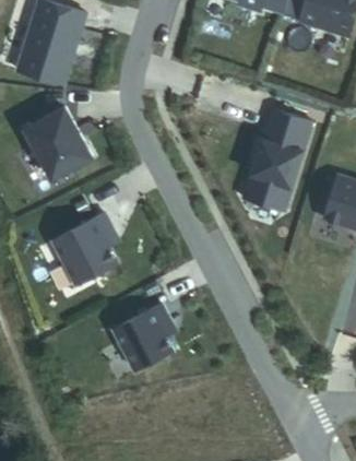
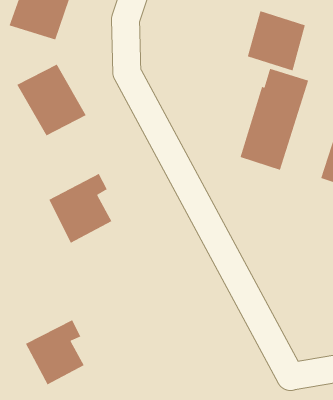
building: none -> [247,10,306,71]
building: [115,305,174,370] -> [25,319,85,385]

